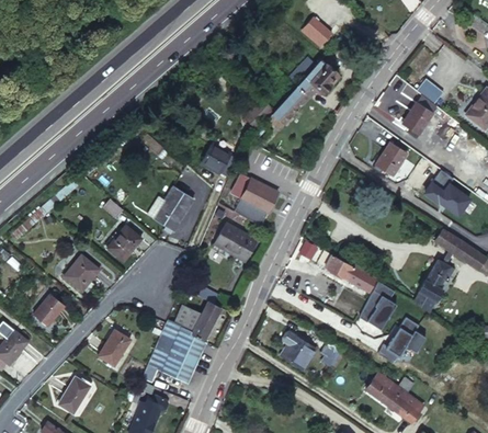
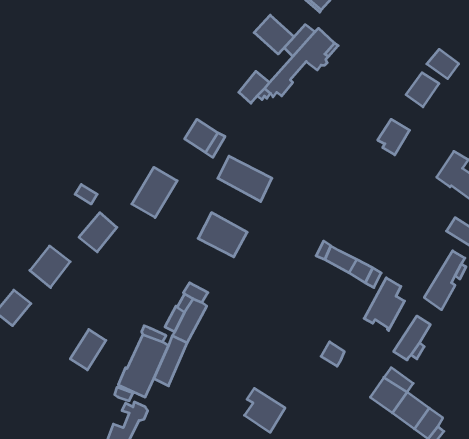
building: none -> [254,15,294,54]
building: [282,332,318,372] -> [244,388,285,432]
building: [58,376,91,413] -> none

